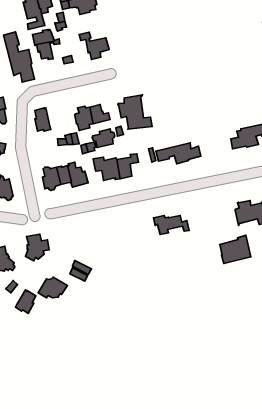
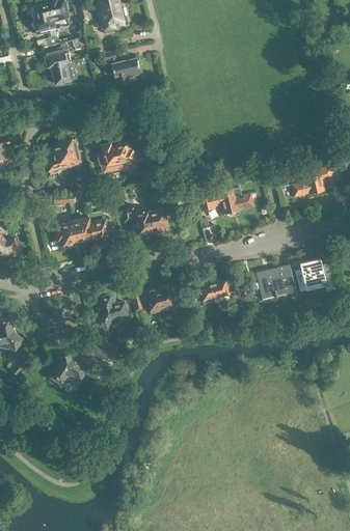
building: [3,32,34,82] -> none
building: [118,95,152,129] -> none
building: none -> [57,140,80,167]
building: [92,129,115,147] -> none
building: none -> [132,283,174,314]
building: [26,234,49,261] -> [96,296,125,329]
building: [220,235,251,264] -> [257,264,295,300]
building: [15,290,36,313] -> none

